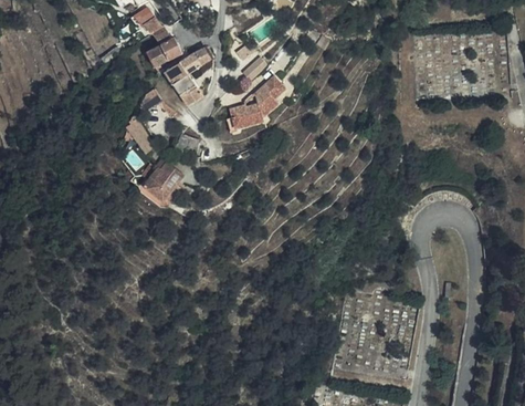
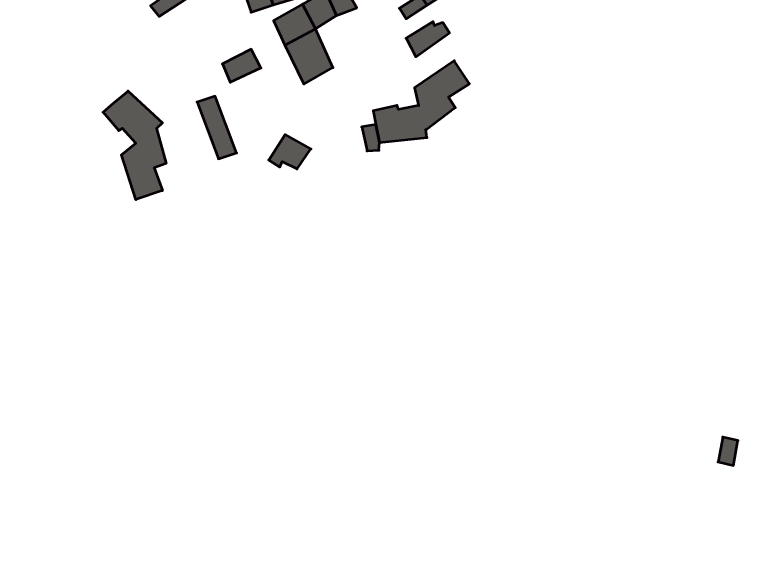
building: none -> [103,91,166,200]
building: [139,164,180,202] -> none

